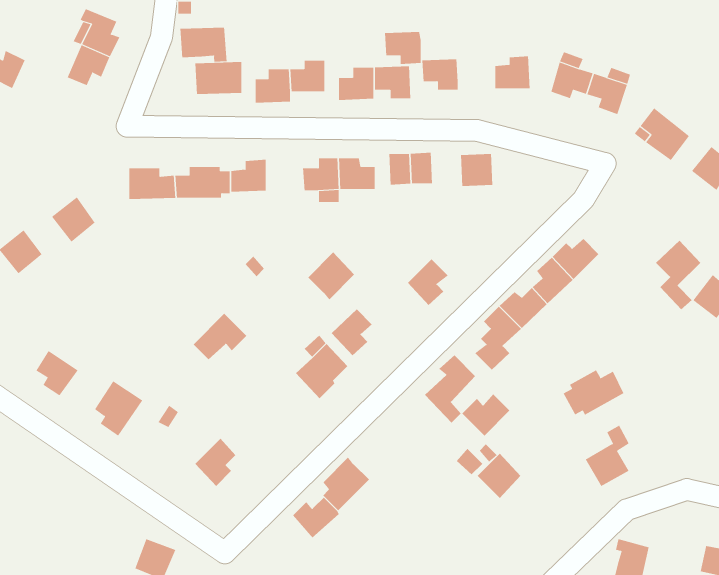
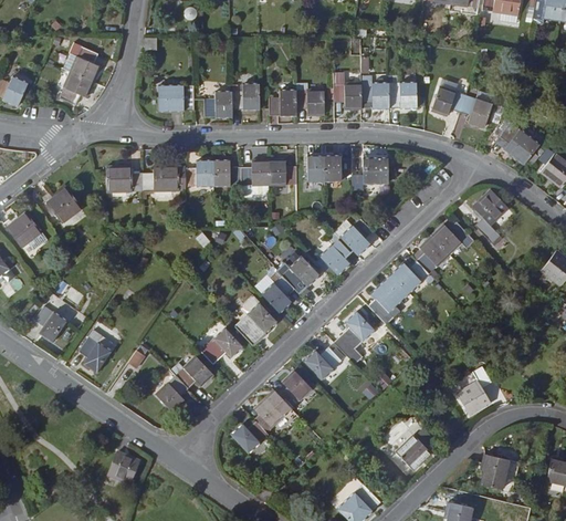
building: [180,27,227,62] -> none
building: [384,31,421,65] -> [359,82,388,107]
building: none -> [212,160,241,185]
building: none -> [339,217,373,254]
building: [655,240,701,310] -> [472,188,507,242]
building: [307,252,355,300] -> [282,256,318,293]
building: [193,313,247,360] -> [201,327,243,364]
building: [563,369,624,415] -> none
building: [462,393,510,436] -> [304,346,342,379]
building: none -> [177,356,213,388]
building: none -> [280,371,312,407]
building: [477,453,521,499] -> [397,434,431,469]

